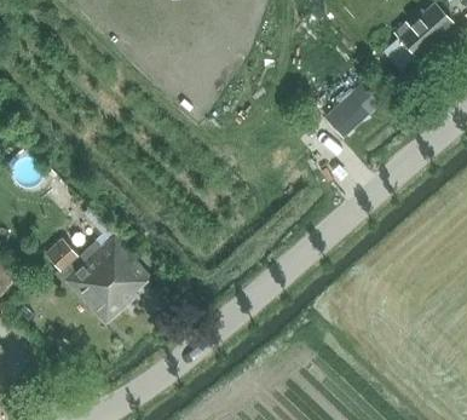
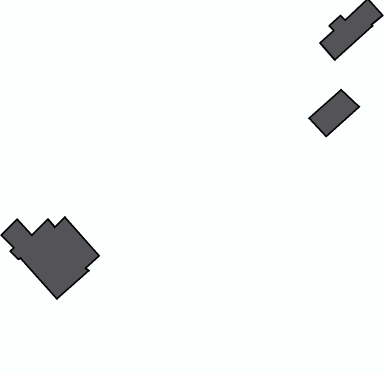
building: [327,86,380,136] -> [309,90,359,136]

